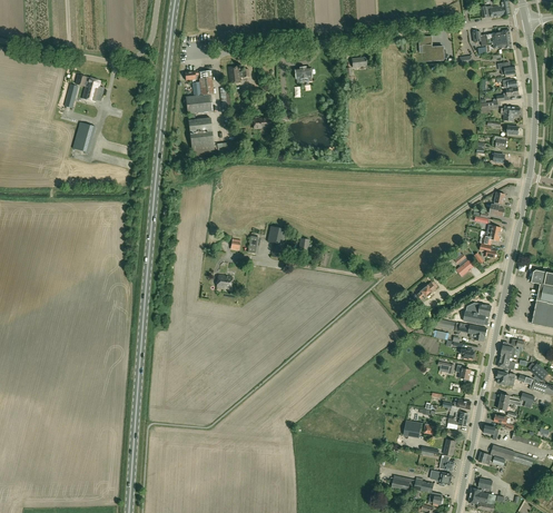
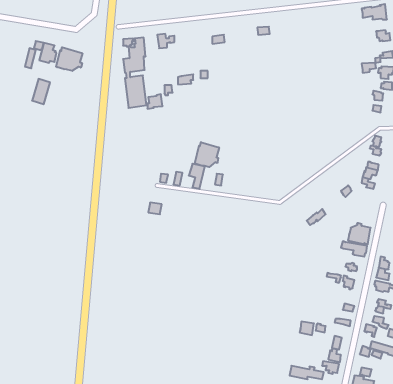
building: [414,37,445,62] -> none
building: none -> [56,47,82,71]
building: none -> [195,142,219,167]

